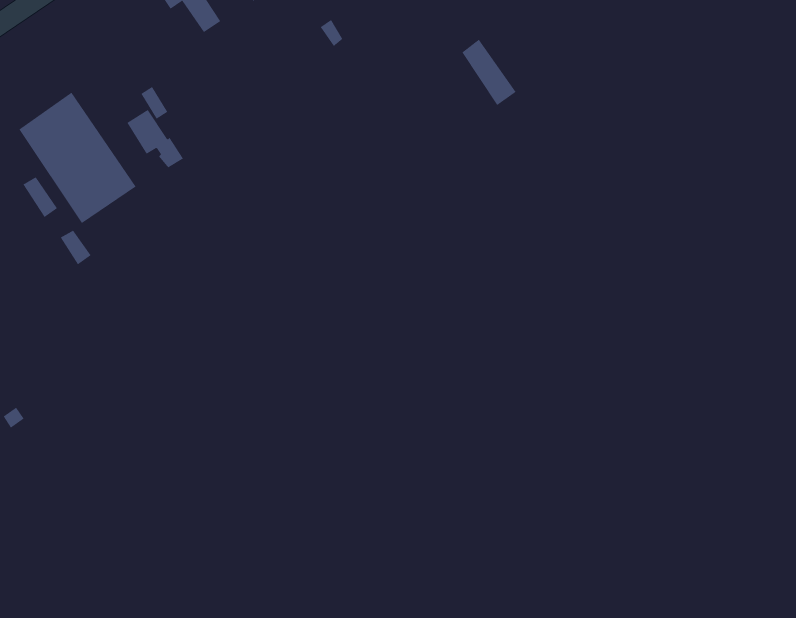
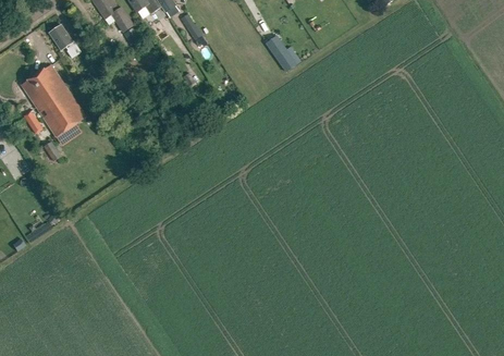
building: [127,109,184,168] -> [49,24,81,57]

